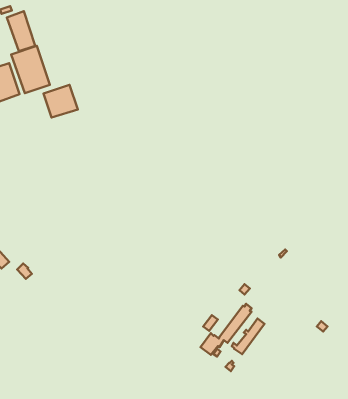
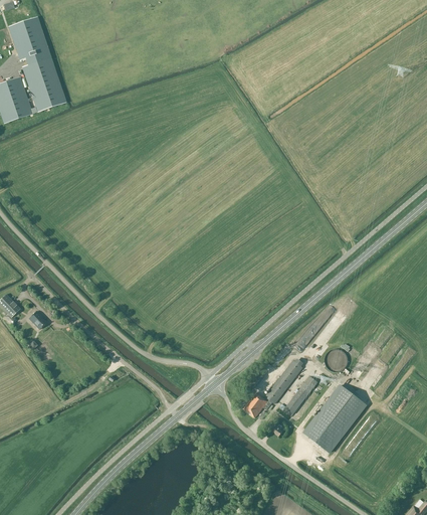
building: [44,85,78,118] -> none
building: none -> [325,348,348,371]
building: none -> [303,384,366,452]

